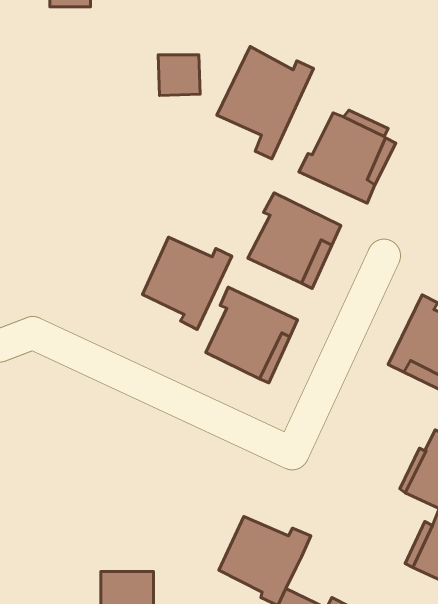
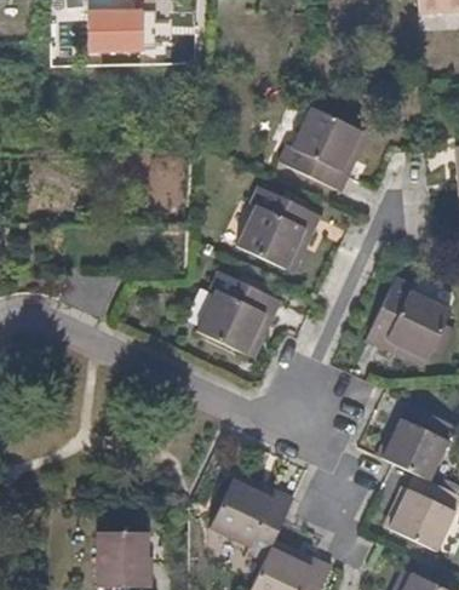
building: [217,46,314,159] -> none
building: [158,55,200,95] -> [103,13,142,51]
building: [142,237,232,330] -> none

